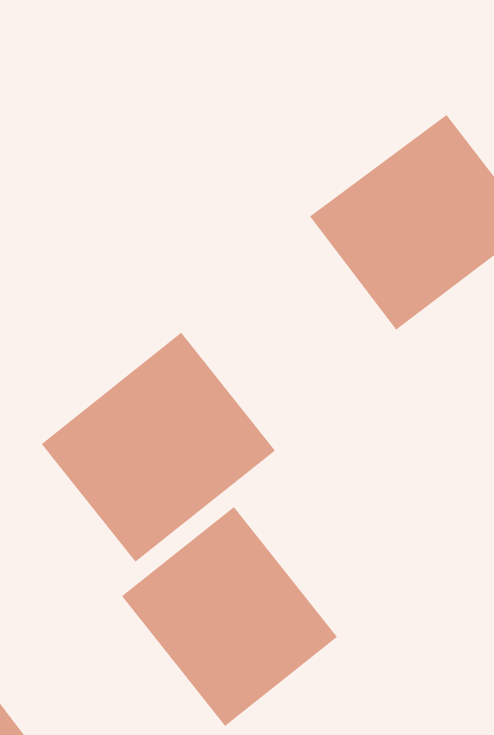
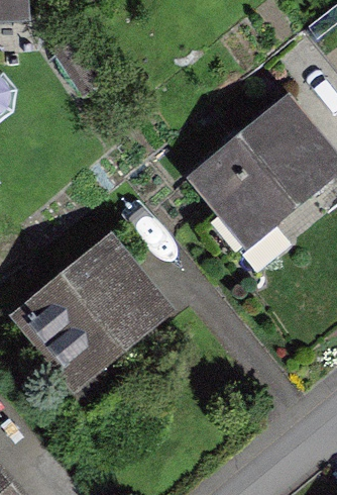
building: [121,506,338,727] -> none

